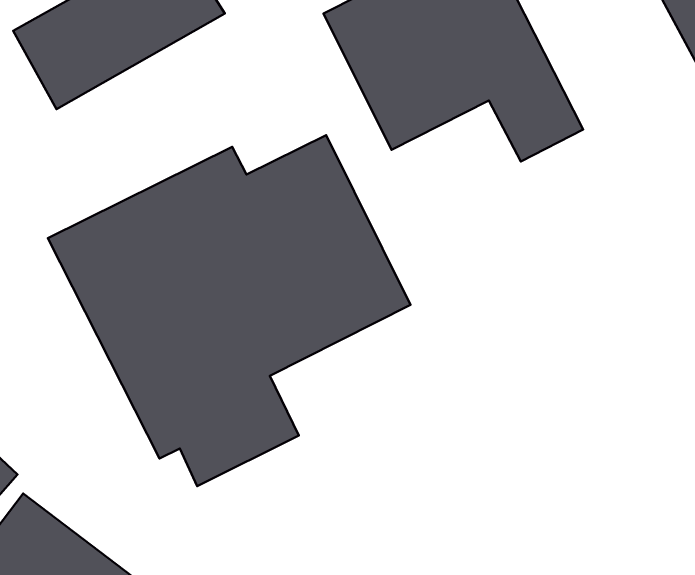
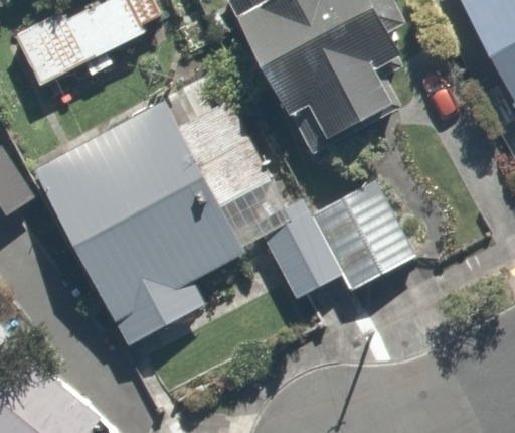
building: none -> [259,175,424,322]

